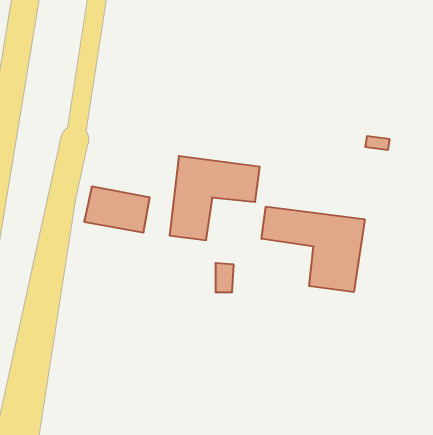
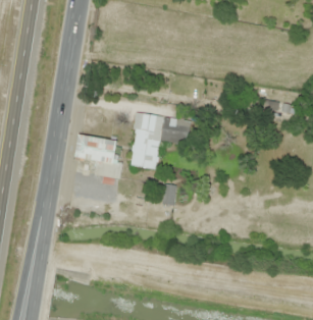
building: [262,207,365,292] -> none

